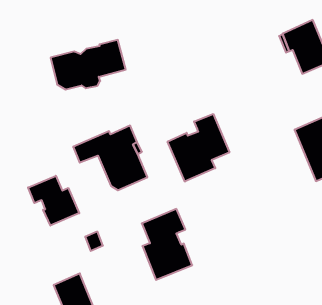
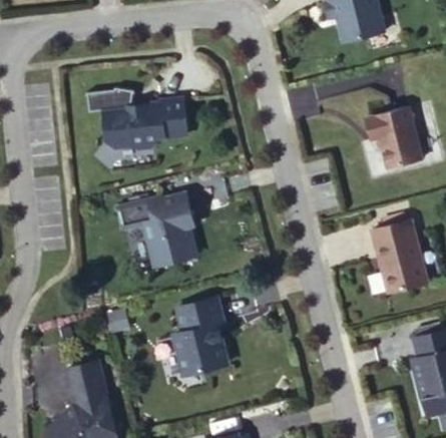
building: [168,114,229,182] -> none
building: [28,176,79,226] -> none

